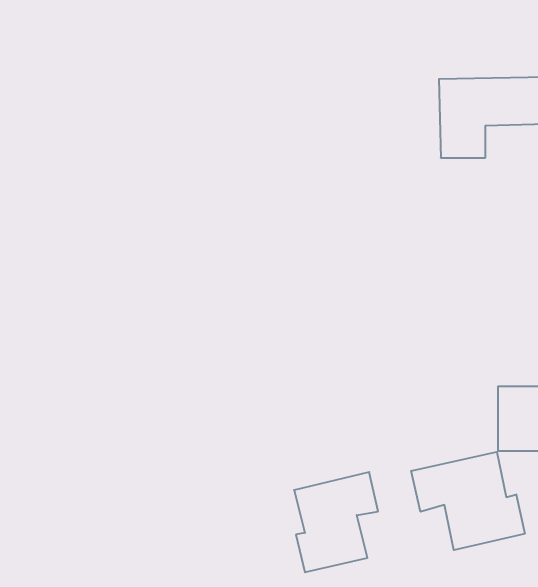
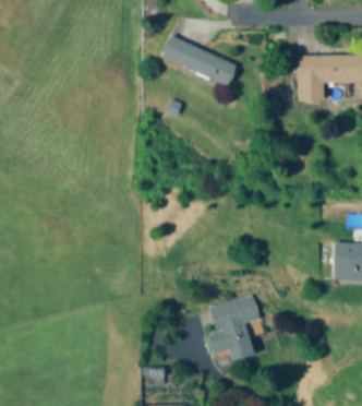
building: none -> [161,36,238,87]
building: [411,452,525,550] -> none

